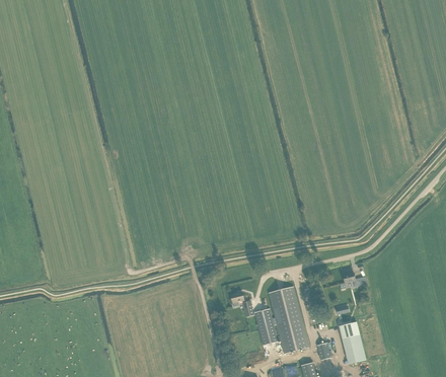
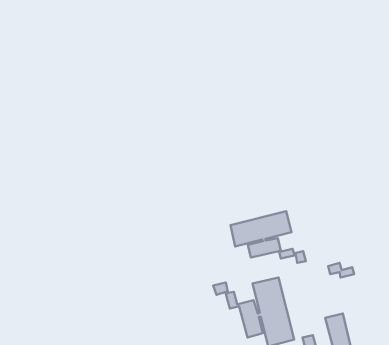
building: none -> [230,211,306,263]

